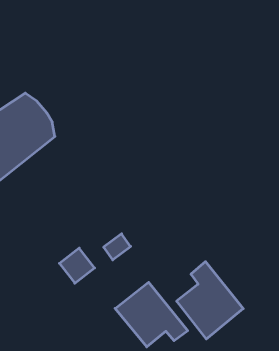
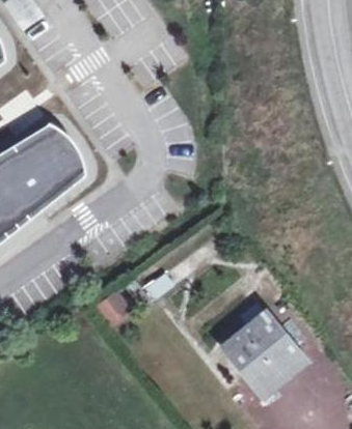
building: [115,282,188,347] -> none

